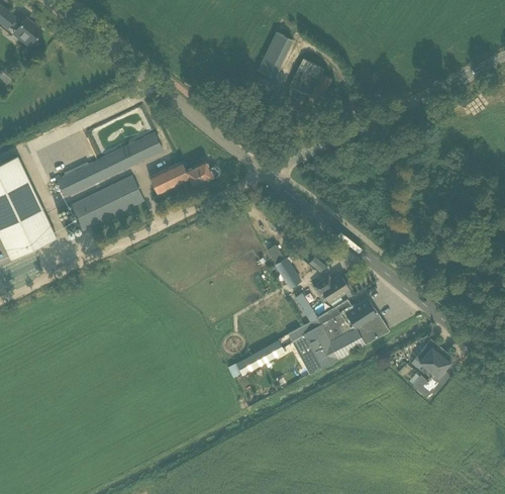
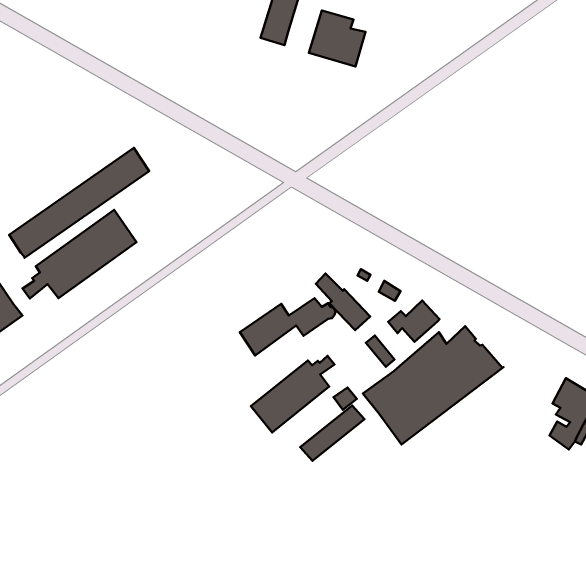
building: [147,161,217,194] -> [240,298,335,355]
building: none -> [251,356,334,432]

